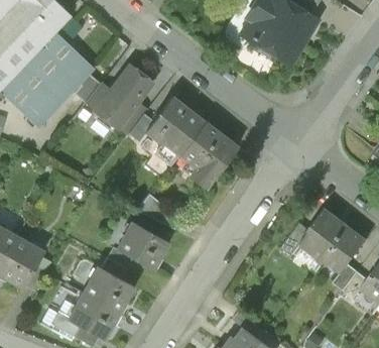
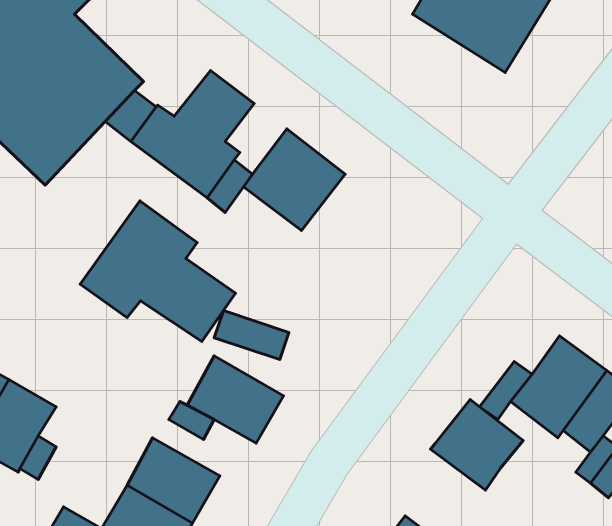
building: [180,121,237,189] -> none
building: none -> [80,201,236,341]
building: none -> [431,399,523,490]

